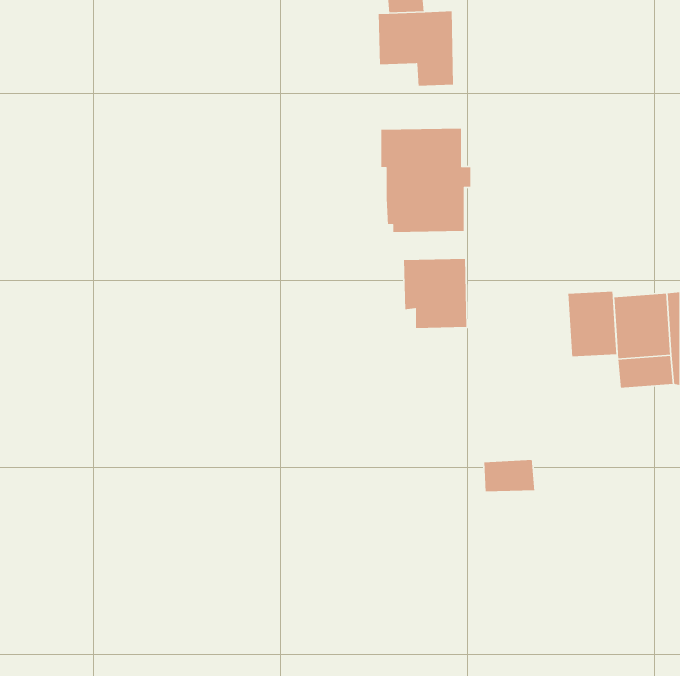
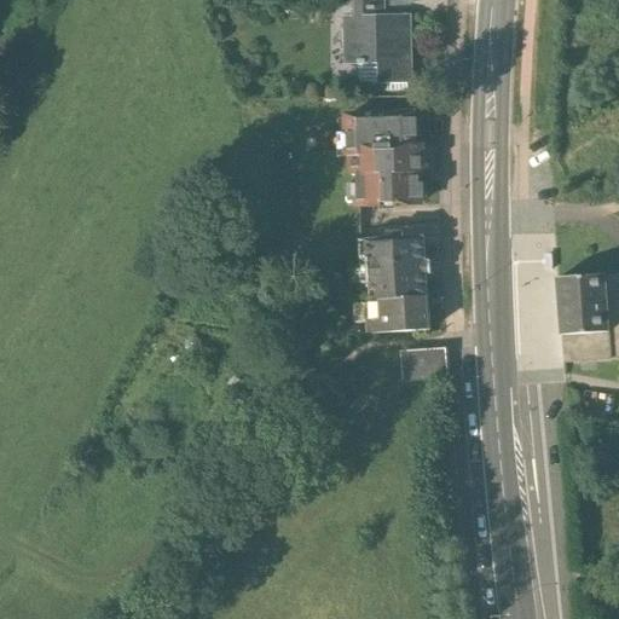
building: [567,291,617,357] -> none
building: none -> [368,296,428,331]
building: [483,459,535,492] -> [400,347,447,377]

